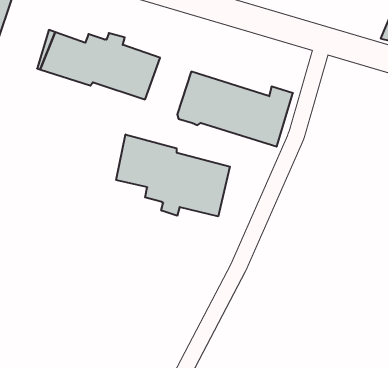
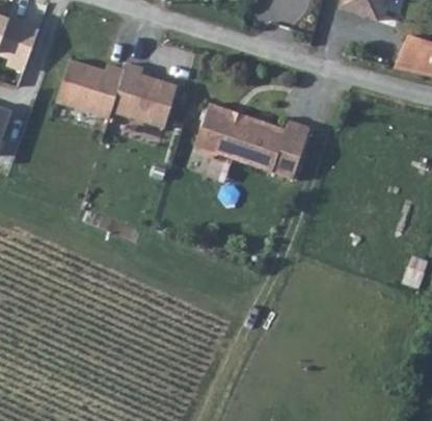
building: [116,134,230,216] -> none

